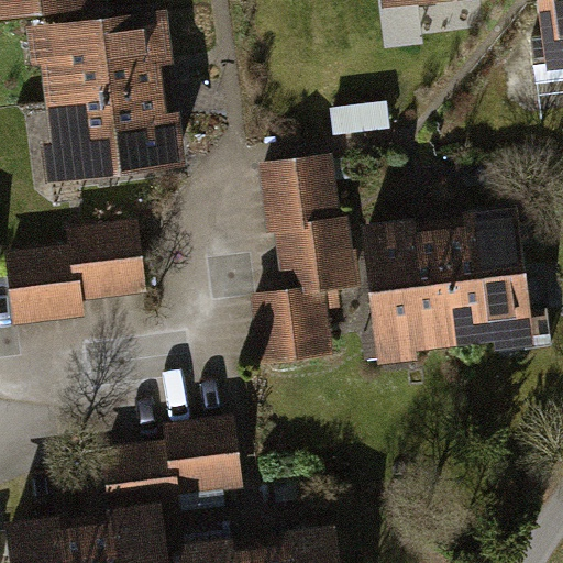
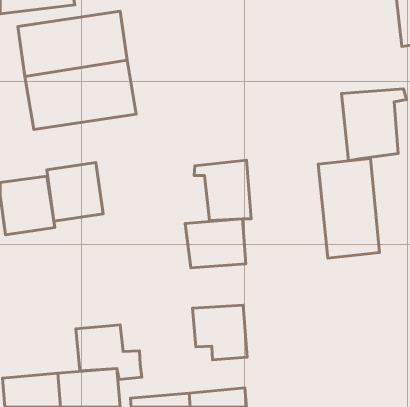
building: none -> [342,89,407,161]
building: [263,163,339,227] -> none
building: [367,224,450,360] -> none
building: [166,423,241,498] -> [192,305,247,360]

